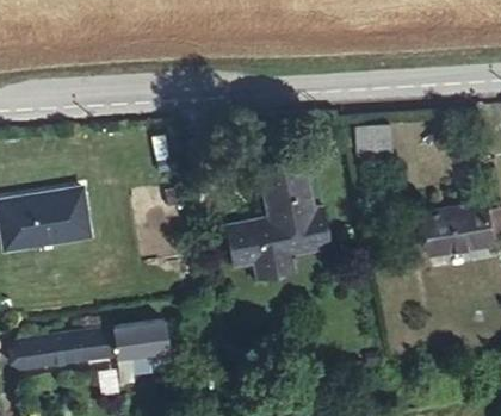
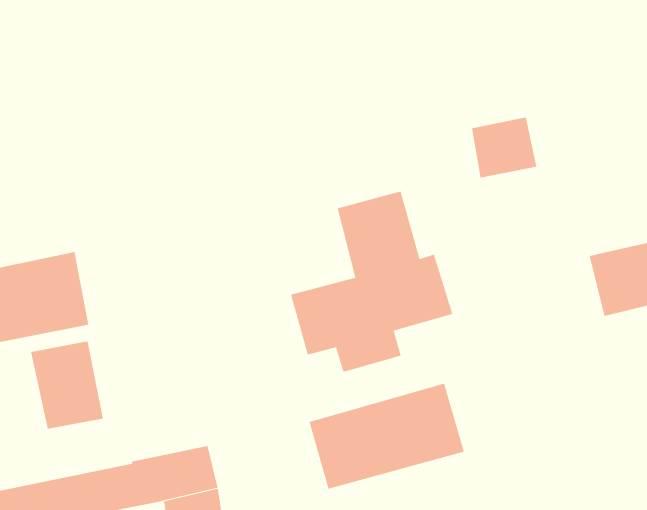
building: none -> [31,340,103,430]
building: none -> [309,383,465,489]

